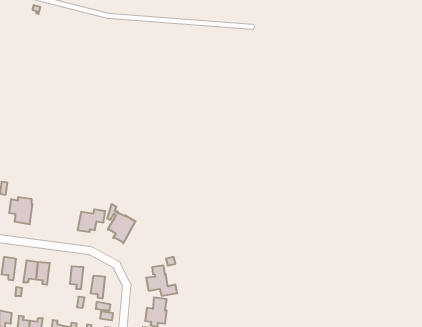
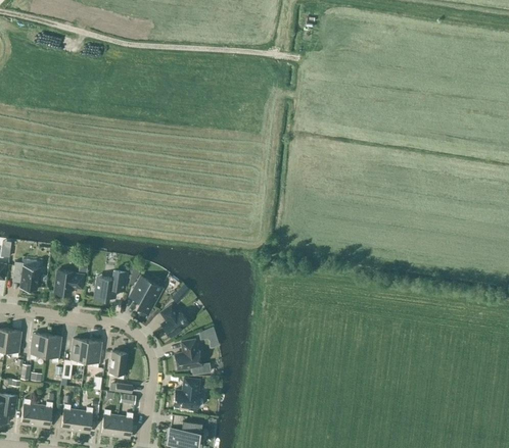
building: none -> [55,270,84,295]
building: none -> [160,304,189,337]
building: none -> [62,339,87,379]

